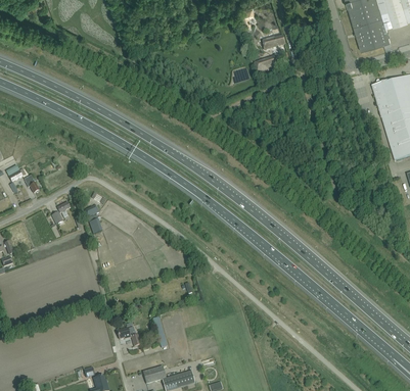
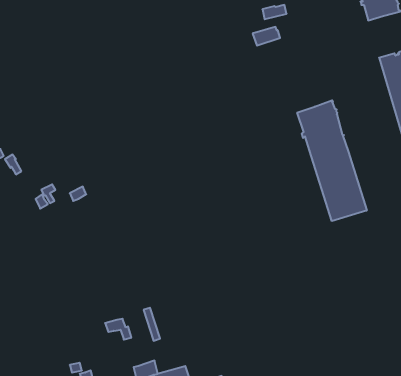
building: none -> [297,100,367,221]

